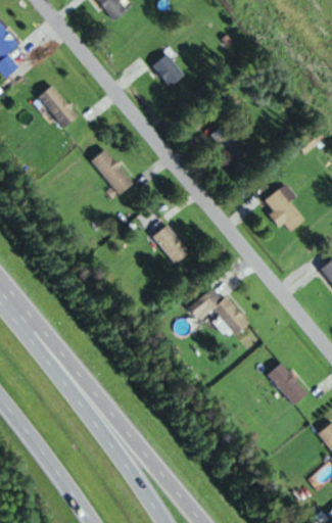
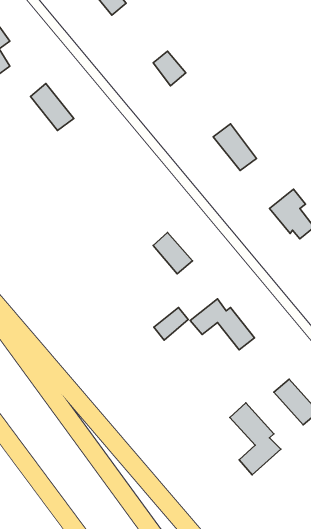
building: [91,149,134,195] -> none
building: none -> [154,308,188,340]
building: none -> [230,403,281,475]

